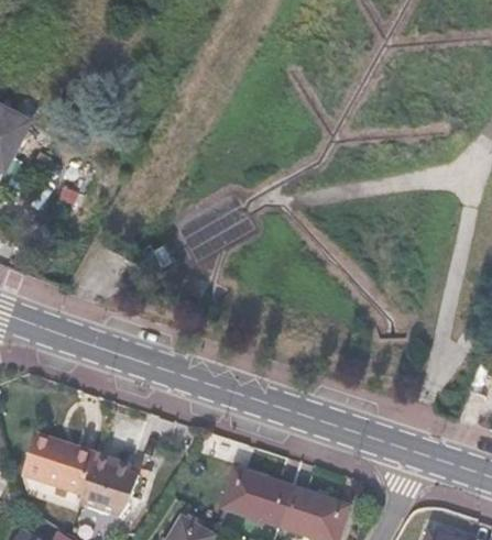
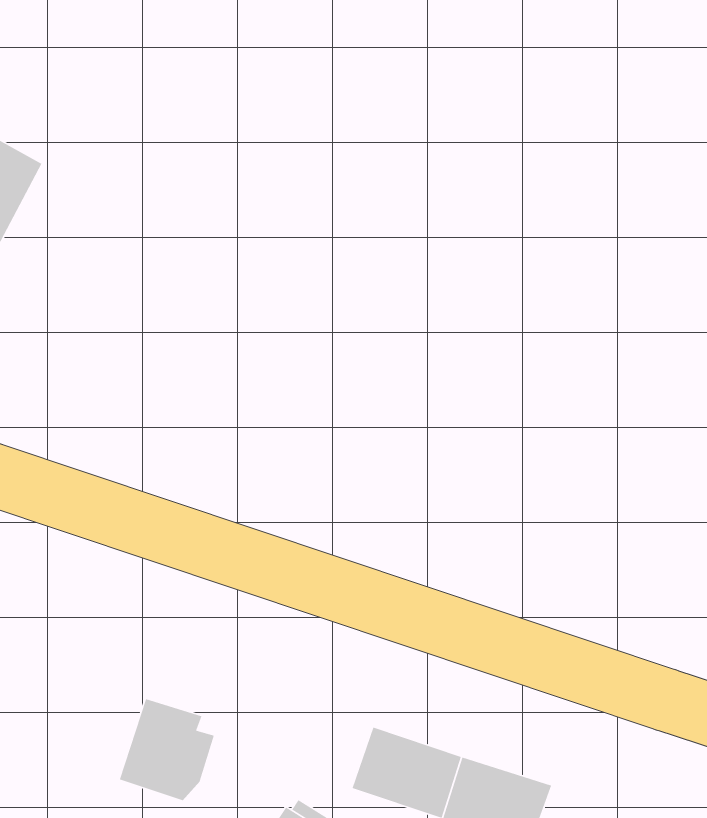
building: [24,432,96,506] -> none

